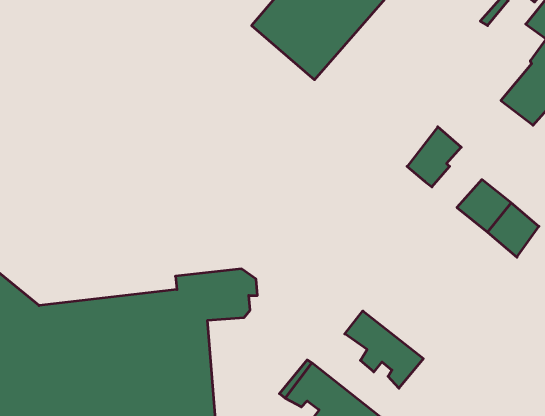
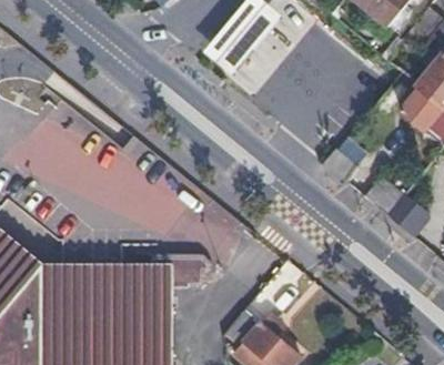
building: [345,311,423,388] -> none

